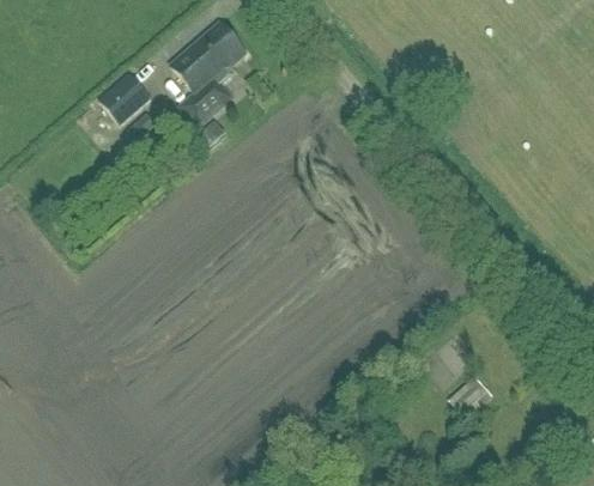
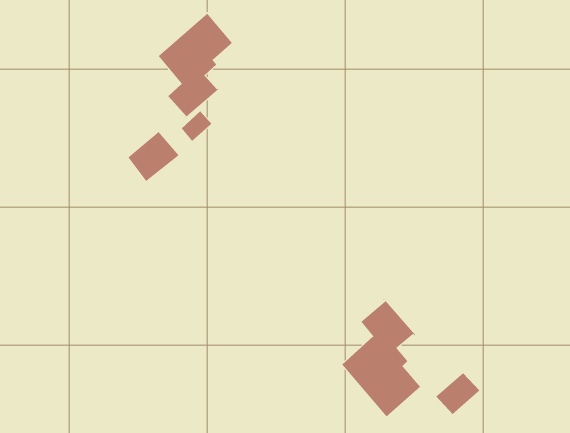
building: [101,73,152,123] -> [128,131,179,182]
building: none -> [341,298,421,417]

